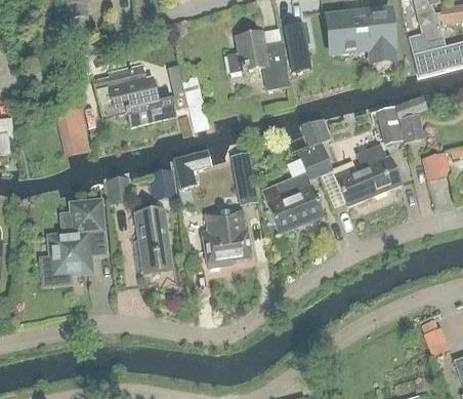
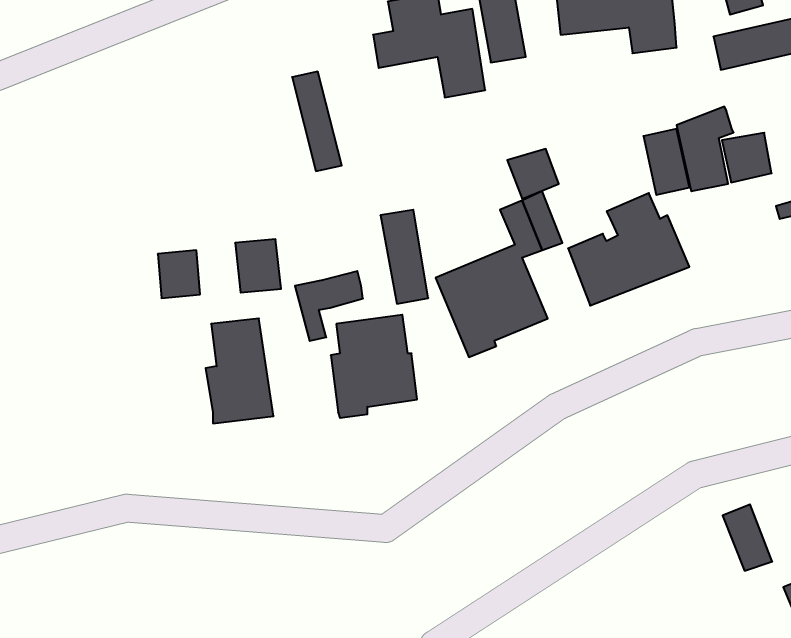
building: [91,62,176,127] -> none
building: [55,107,91,156] -> none
building: [173,149,211,188] -> [295,271,363,341]
building: [422,153,450,181] -> [722,133,772,182]
building: [42,198,104,282] -> none

